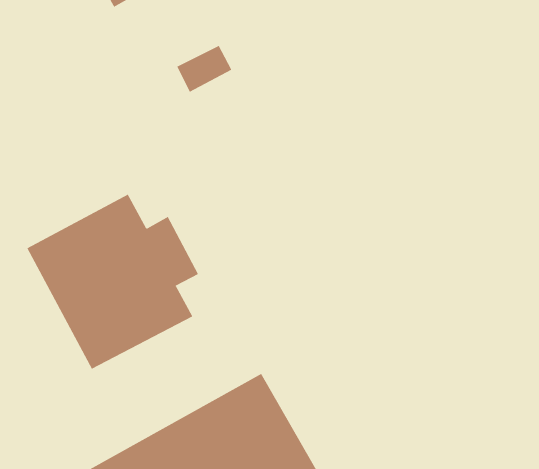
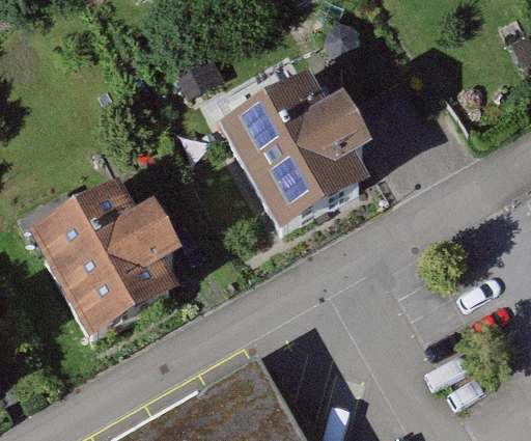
building: none -> [227,83,383,240]

